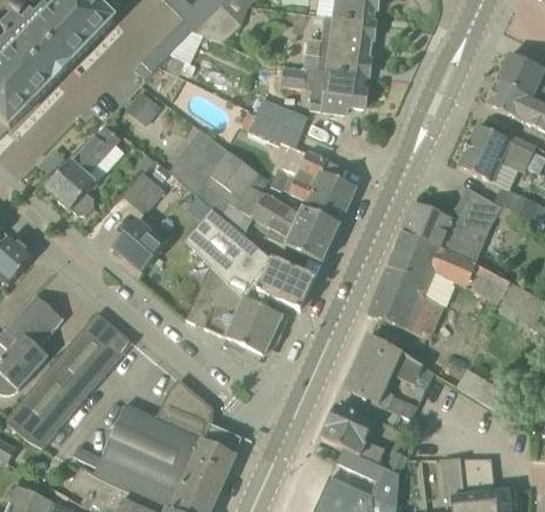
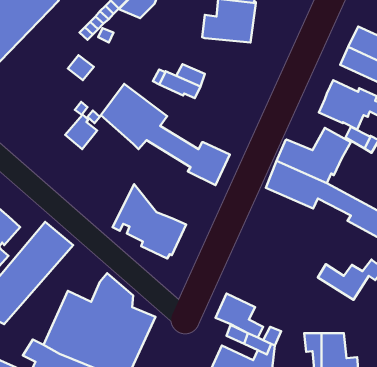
building: [304,69,367,114] -> none
building: [44,129,118,216] -> none
building: [271,151,357,223] -> none
building: [186,209,315,311] -> none
building: [113,220,165,271] -> none
building: [367,267,450,339] -> none
building: [344,334,434,425] -> none

